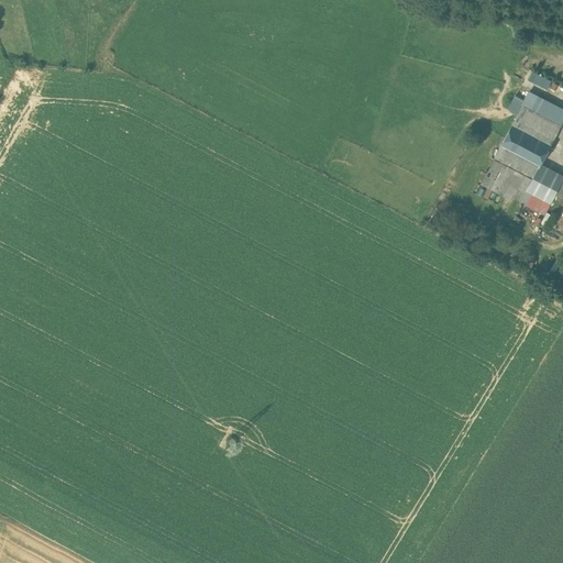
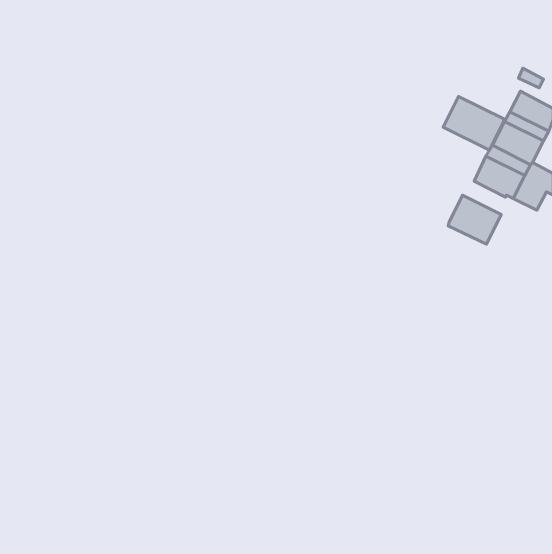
building: none -> [443,97,504,150]
building: none -> [448,195,501,244]

